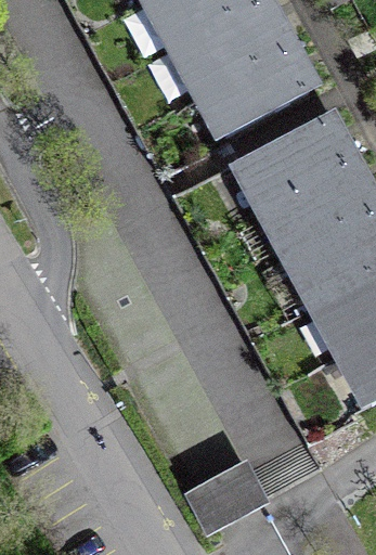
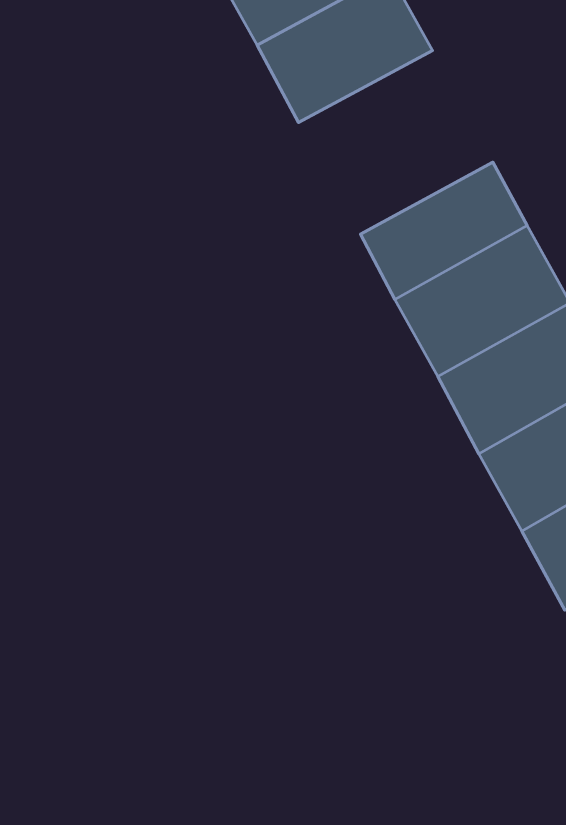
building: [200,53,307,140] -> none
building: [181,451,269,528] -> none

